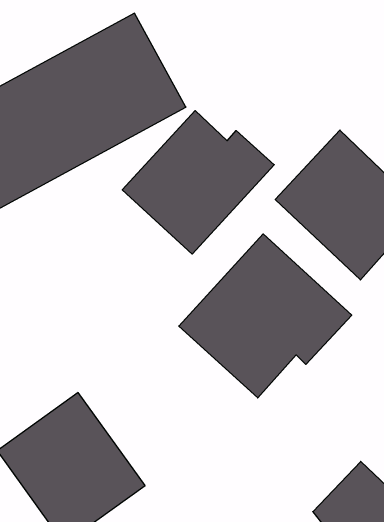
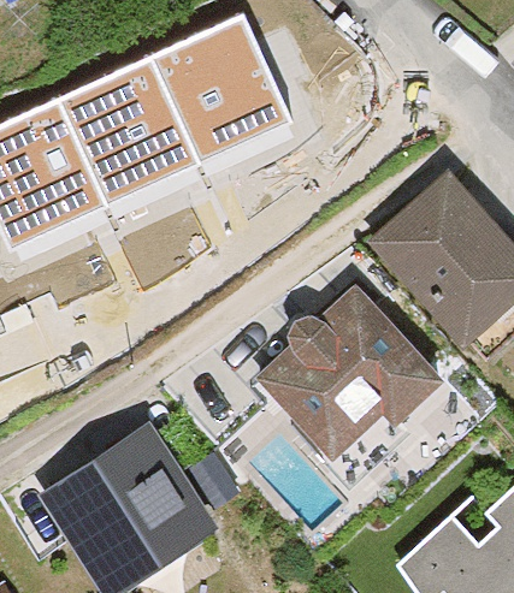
building: [122,111,274,254] -> none

